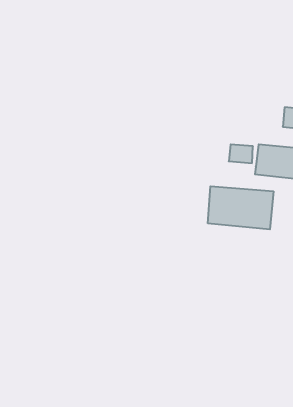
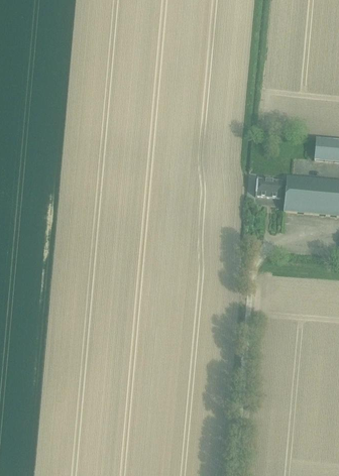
building: [208,186,273,229] -> none

